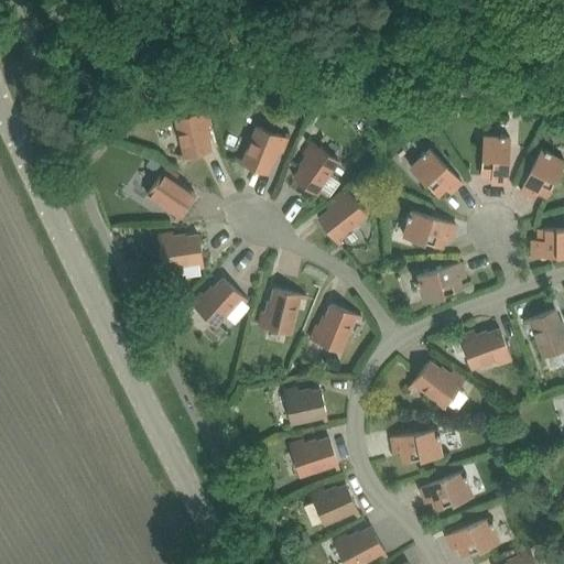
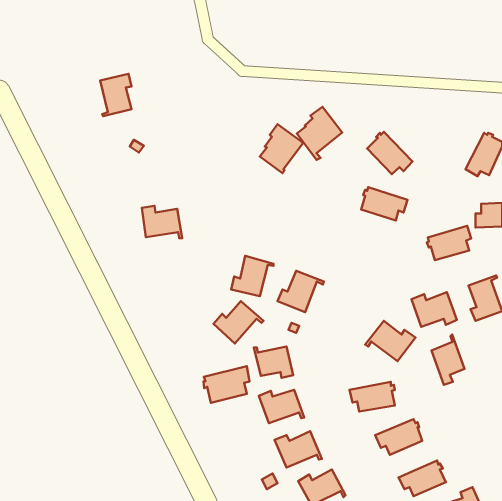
building: [176,111,212,159] -> [100,74,132,116]
building: [237,128,289,174] -> none
building: [481,135,510,185] -> none
building: [148,167,196,223] -> none
building: [316,187,367,247] -> [297,107,342,160]
building: [415,263,465,302] -> [427,226,471,260]
building: [192,279,248,326] -> [213,301,264,343]
building: none -> [432,335,464,385]
building: none -> [203,366,250,403]

